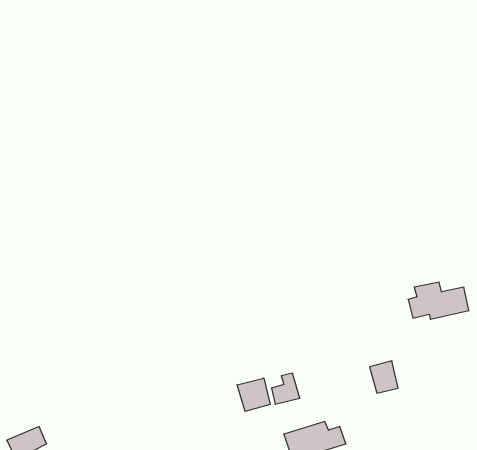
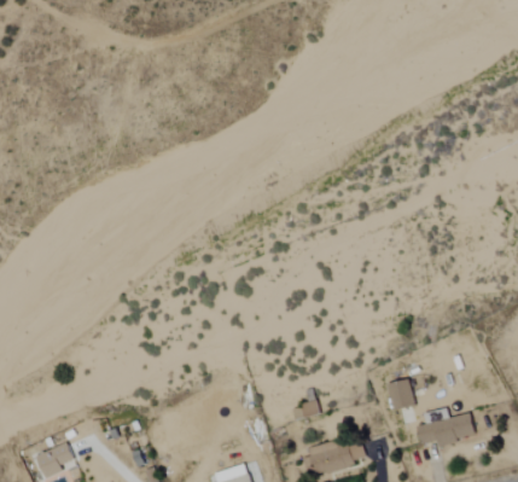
building: [408,282,469,319] -> [417,410,476,446]
building: [237,378,270,411] -> none

